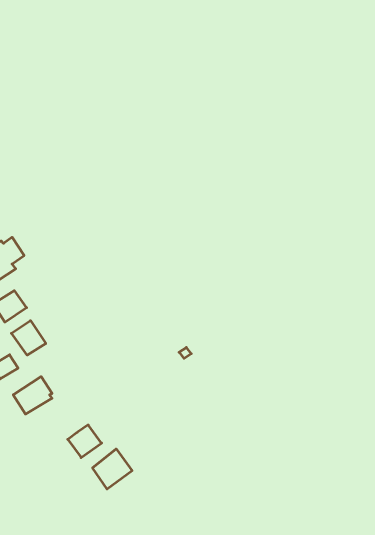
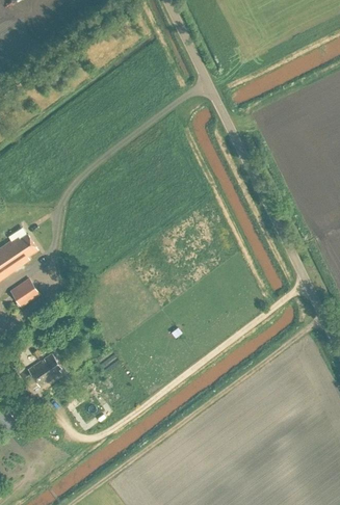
building: [11,321,46,355] -> none
building: [93,449,132,489] -> none

